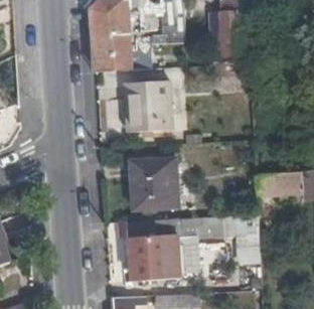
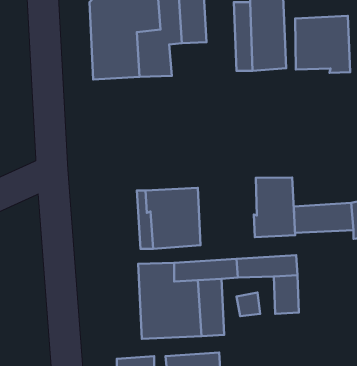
building: none -> [295,16,350,73]
building: [124,81,172,133] -> none
building: none -> [254,178,295,237]

